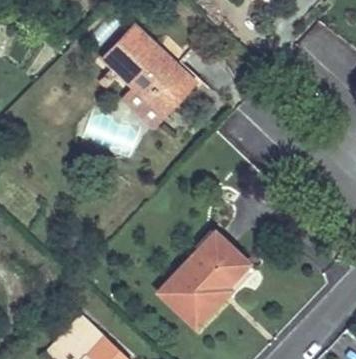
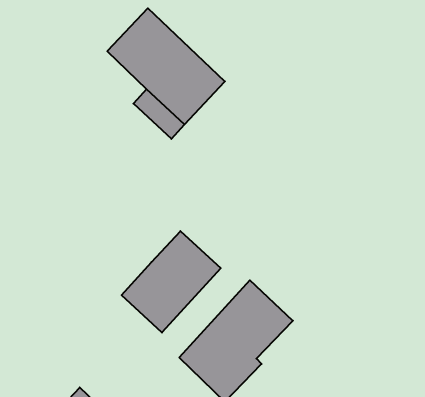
building: none -> [122,231,221,333]

